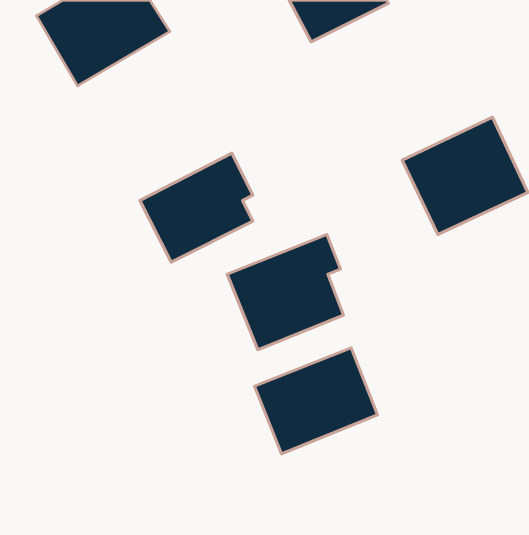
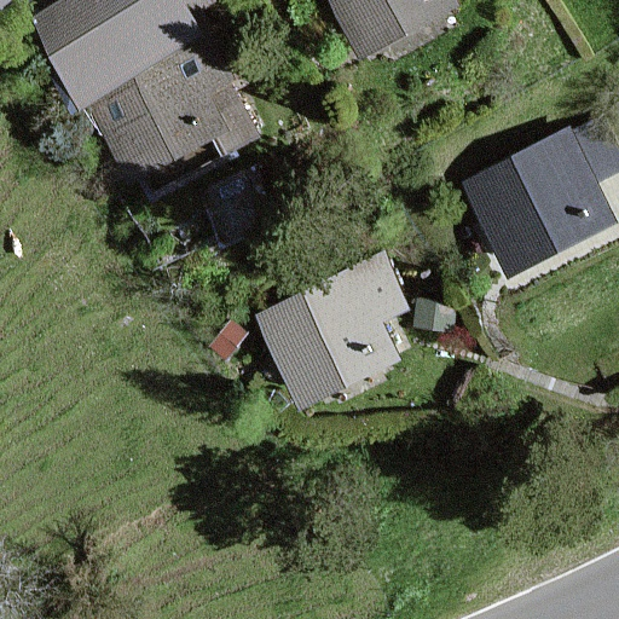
building: [140,153,253,262] -> [96,50,226,175]
building: [254,348,378,454] -> none

